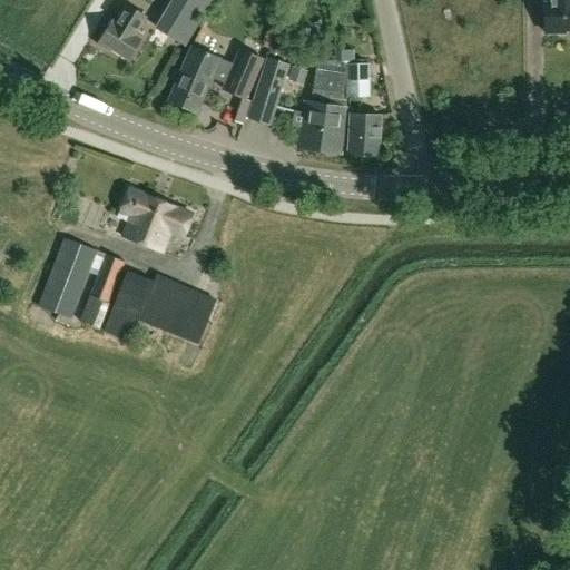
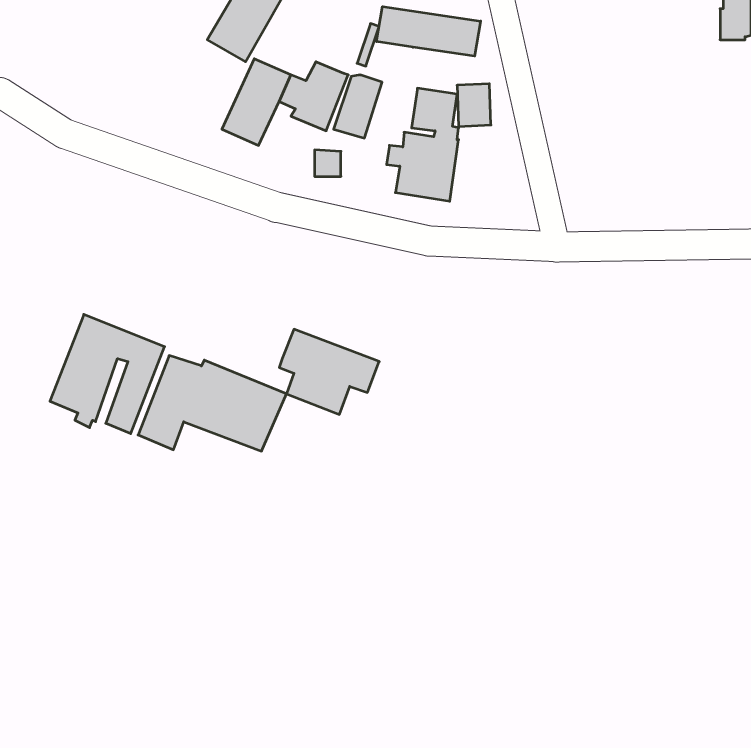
building: [98,4,146,58] -> none
building: none -> [377,7,481,56]
building: [347,112,381,154] -> none
building: [117,187,193,252] -> [279,329,379,414]

